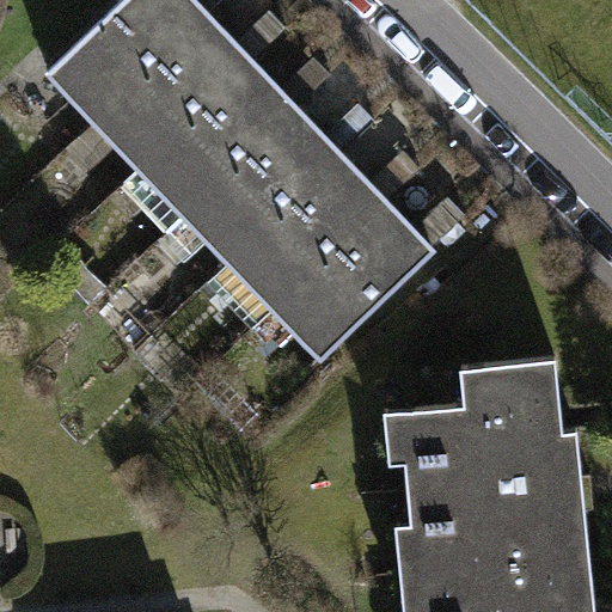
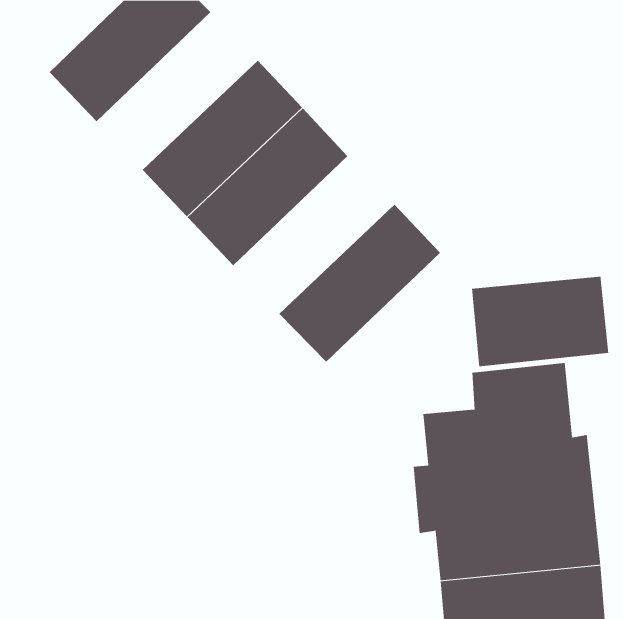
building: [94,17,252,171] -> none
building: [228,158,386,312] -> none
building: none -> [471,276,609,367]

